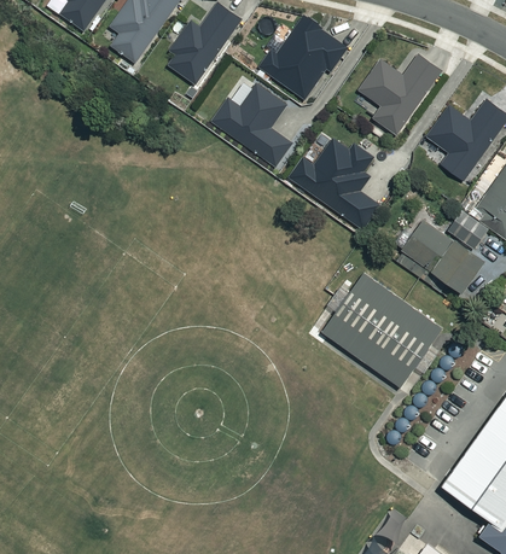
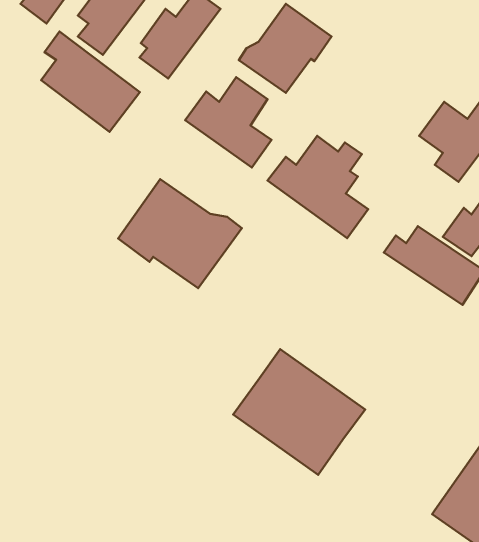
building: none -> [41,31,140,132]
building: [359,54,442,136] -> none
building: none -> [118,179,242,288]
building: [320,272,442,387] -> [233,349,365,475]

